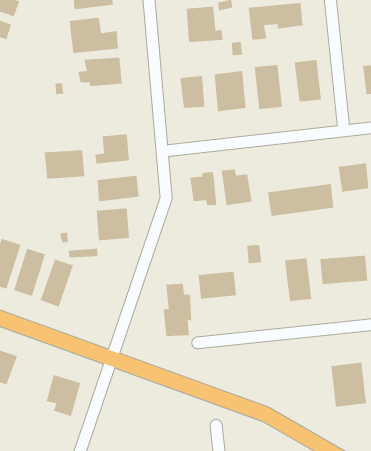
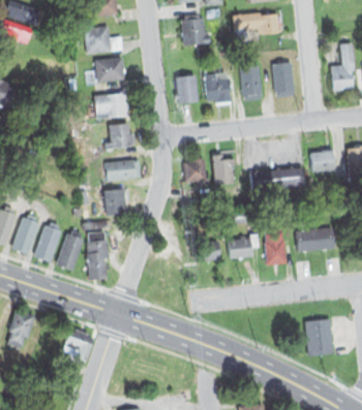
building: [44,150,85,179] -> [94,94,129,119]
building: none -> [228,230,259,259]
building: [163,283,192,337] -> [85,231,110,277]

